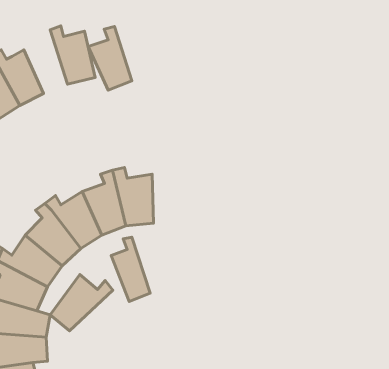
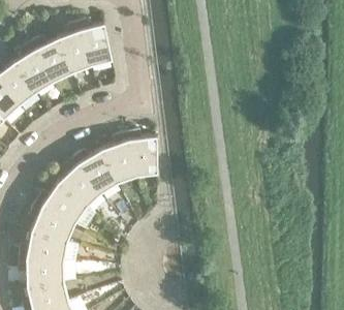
building: [88,27,132,90] -> [55,24,89,73]
building: [111,237,150,301] -> none
building: [50,274,113,331] -> none

